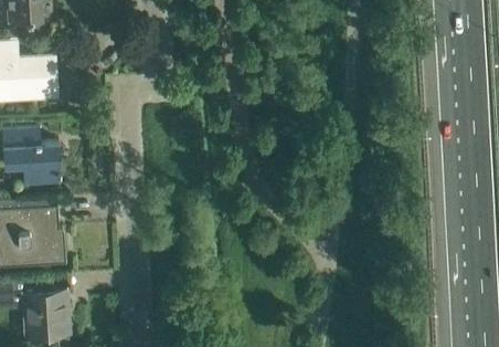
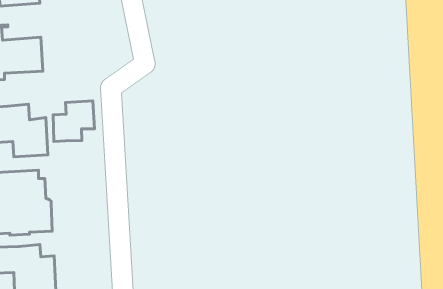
building: none -> [53,101,95,141]

